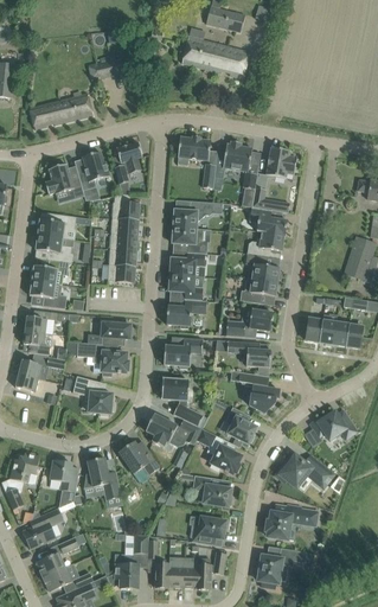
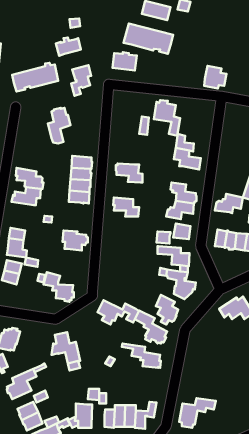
building: [178,135,211,160] -> [112,52,137,70]
building: [115,142,142,184] -> [71,65,91,96]
building: [267,147,297,178] -> [204,66,227,89]
building: [45,162,83,196] -> none
building: [111,193,139,219] -> none
building: [172,200,223,229] -> none
building: [36,213,76,239] -> none
building: [246,231,284,257] -> [215,194,243,213]
building: [168,253,205,276] -> none
building: [27,280,66,308] -> none
building: [167,300,206,328] -> none
building: [164,337,203,369] -> none
building: [71,343,128,376] -> none
building: [160,379,207,428] -> none
building: [118,441,160,475] -> none
building: [276,454,334,487] -> none
building: [50,458,79,492] -> none
building: [265,504,318,539] -> none
building: [192,517,226,545] -> none

